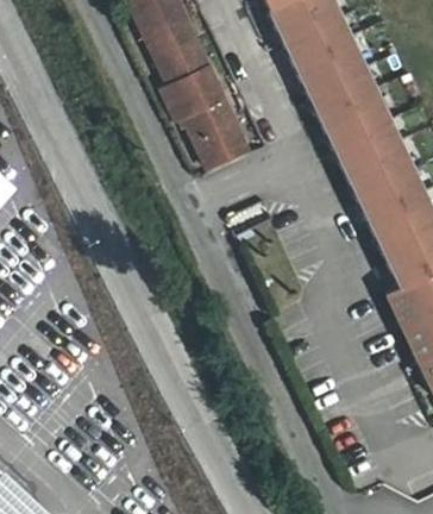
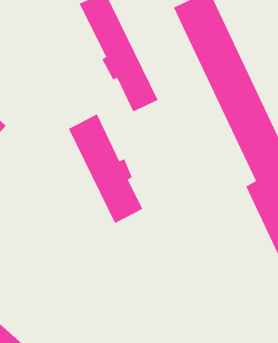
building: none -> [68,113,143,224]

